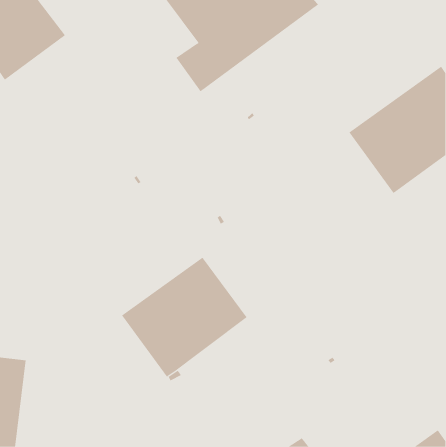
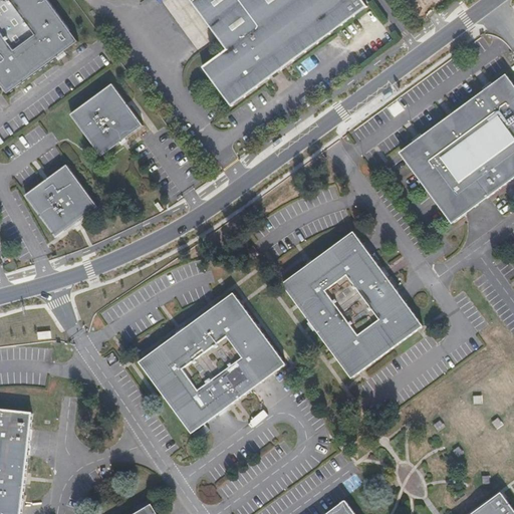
building: none -> [69,83,141,156]
building: none -> [24,164,96,236]
building: none -> [282,232,421,377]

